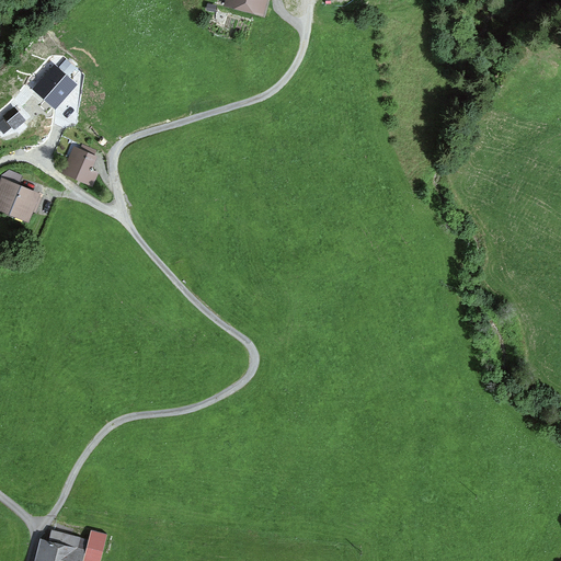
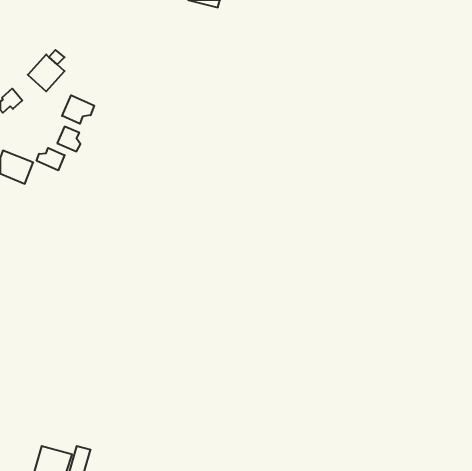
building: none -> [62,95,94,124]
building: none -> [37,148,65,170]

